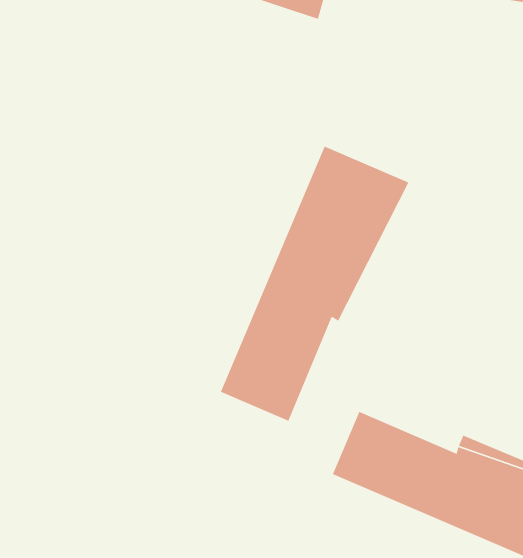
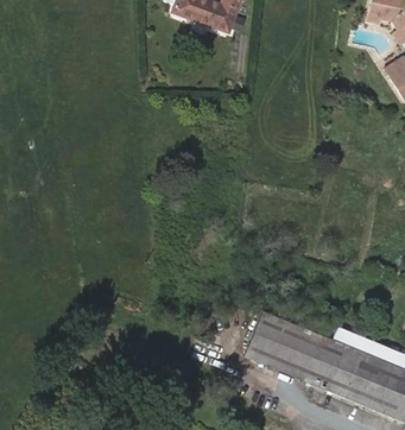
building: [220,146,410,422] -> none

